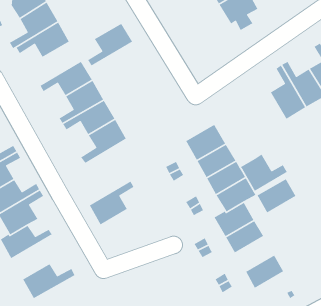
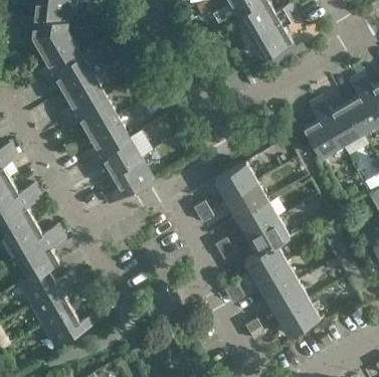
building: [87,23,133,67] -> [56,76,105,123]
building: [240,154,288,192] -> none
building: [257,178,297,213] -> [266,281,309,319]
building: [89,181,134,225] -> [30,279,78,327]

